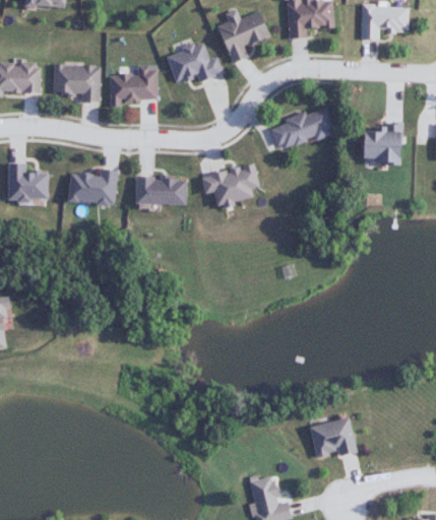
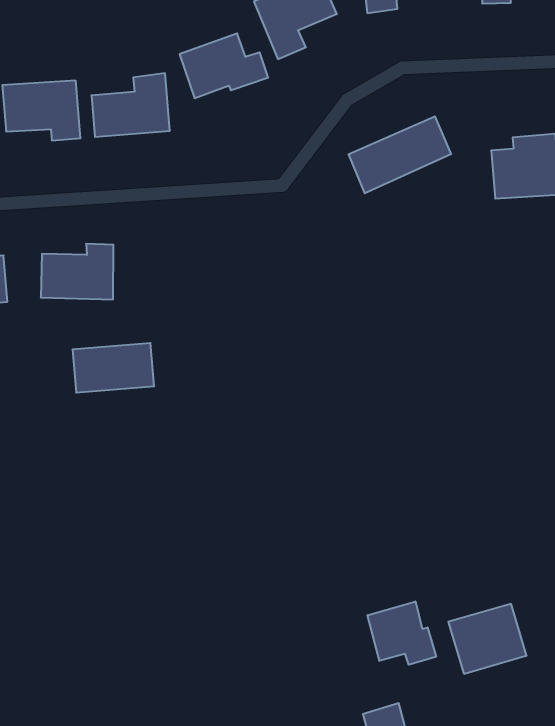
building: [200,165,257,206] -> none
building: [135,177,185,204] -> [72,343,154,393]
building: none -> [368,601,436,665]

